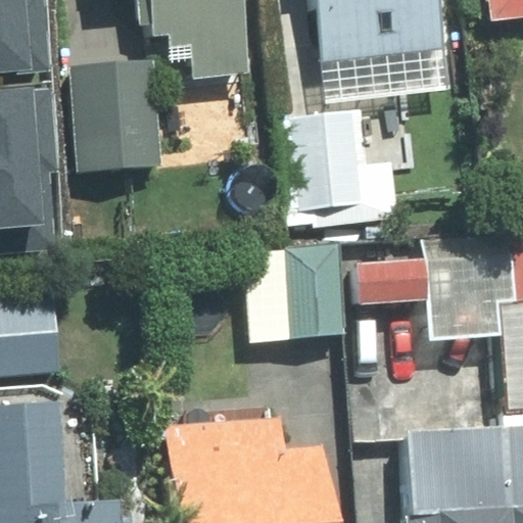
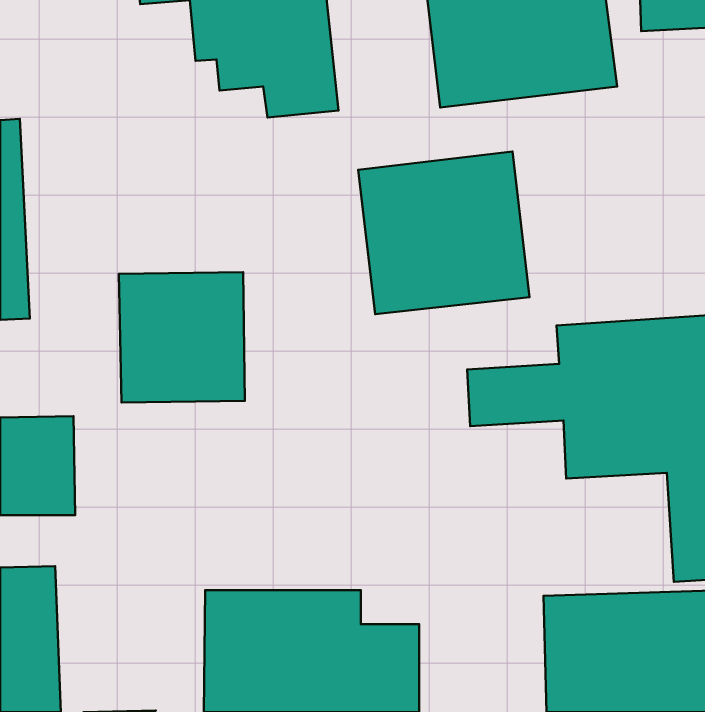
building: [81,62,152,172] -> none
building: none -> [119,272,245,402]
building: [241,239,345,345] -> none

